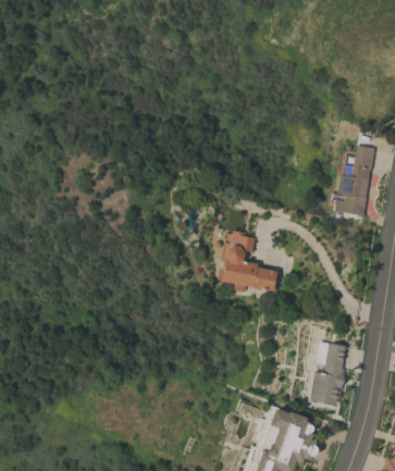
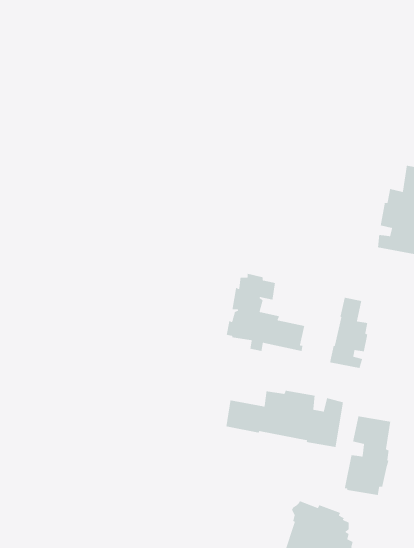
building: none -> [329,297,368,369]
building: none -> [225,390,344,448]

